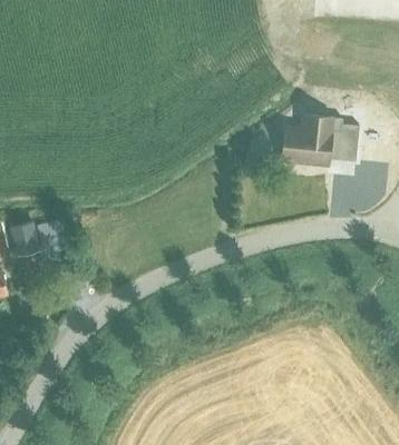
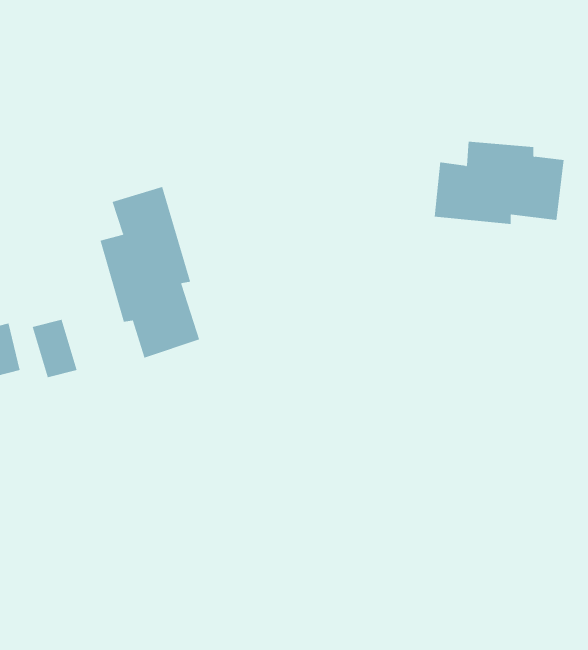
building: none -> [100,186,200,358]

